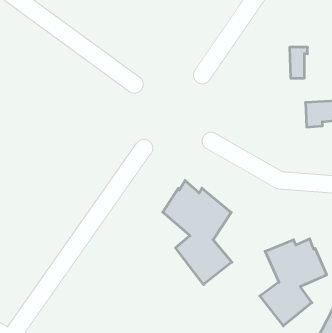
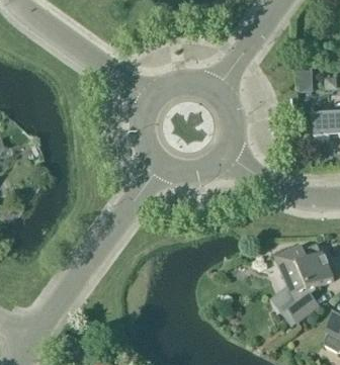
building: [163,180,232,285] -> none

